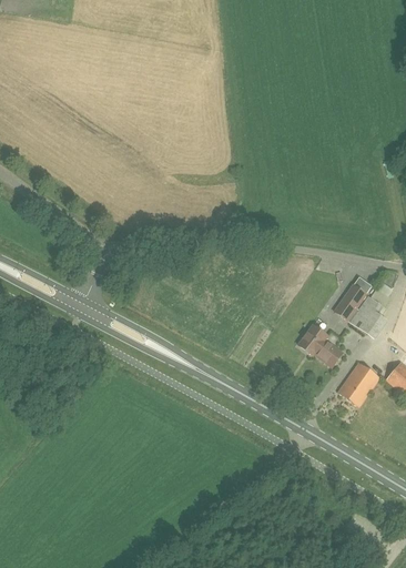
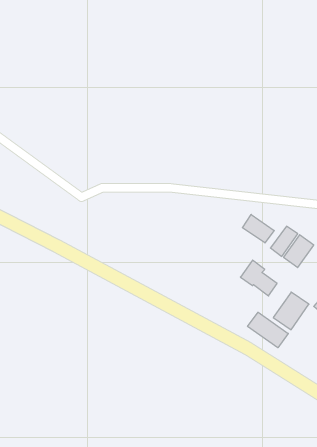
building: none -> [242,214,274,243]
building: none -> [248,312,288,348]

